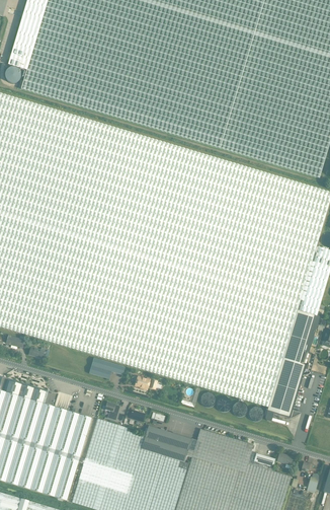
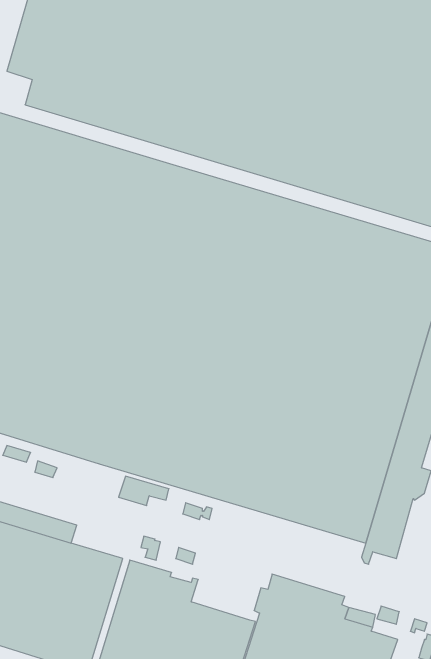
building: [141,426,191,462] -> none

